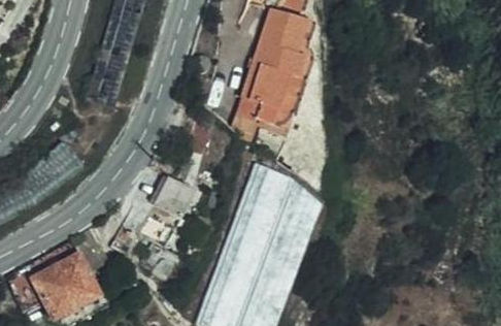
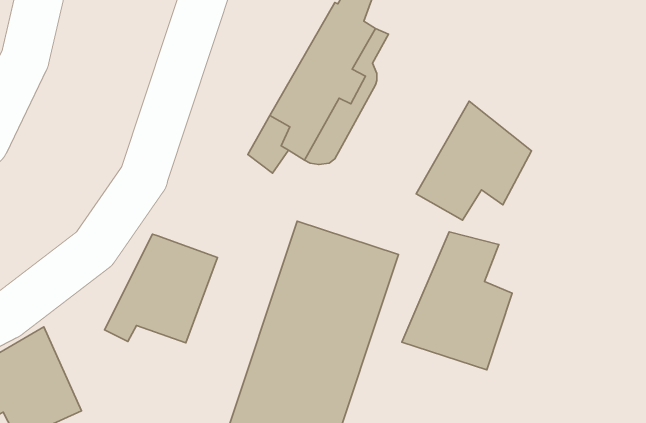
building: none -> [416,101,531,220]
building: none -> [402,232,512,370]

